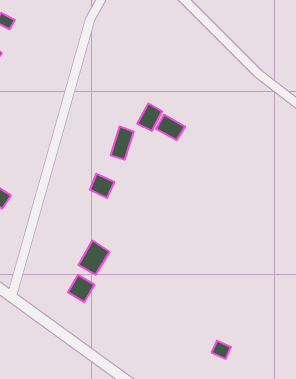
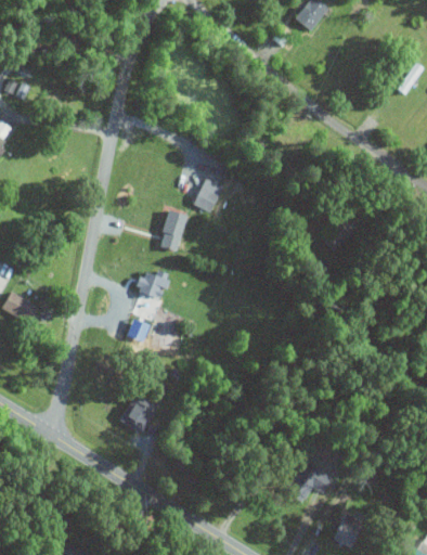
building: [156,115,185,140] -> none
building: [78,241,109,275] -> none

